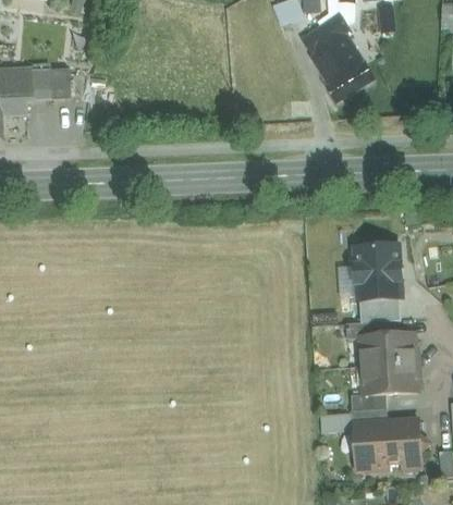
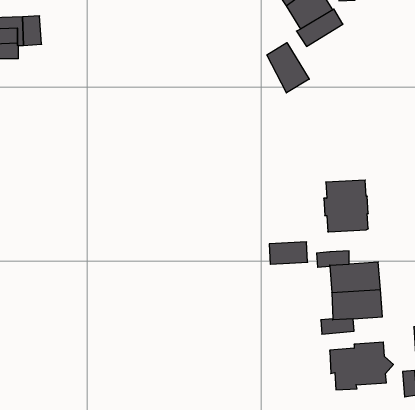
building: [48,67,70,98] -> none
building: none -> [267,43,309,93]
building: [359,297,401,321] -> [269,242,308,264]
building: [350,406,388,429] -> none

